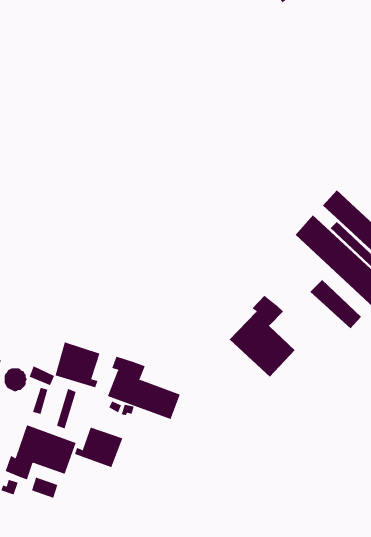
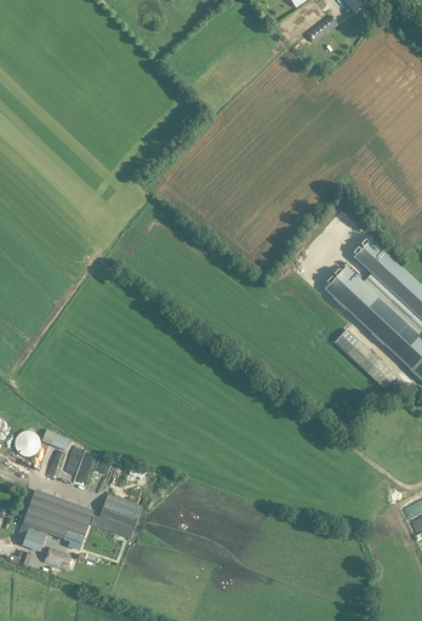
building: [229,295,296,377] -> none
building: [55,342,100,388] -> none
building: [107,356,181,420] -> none

